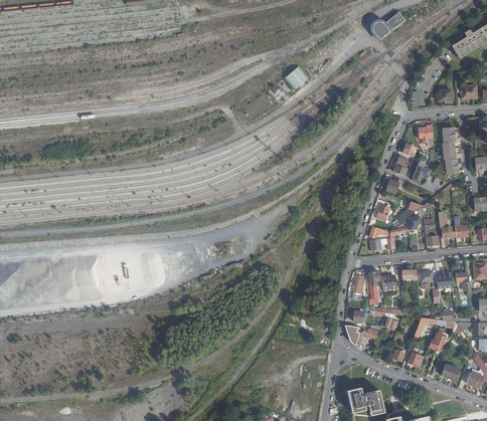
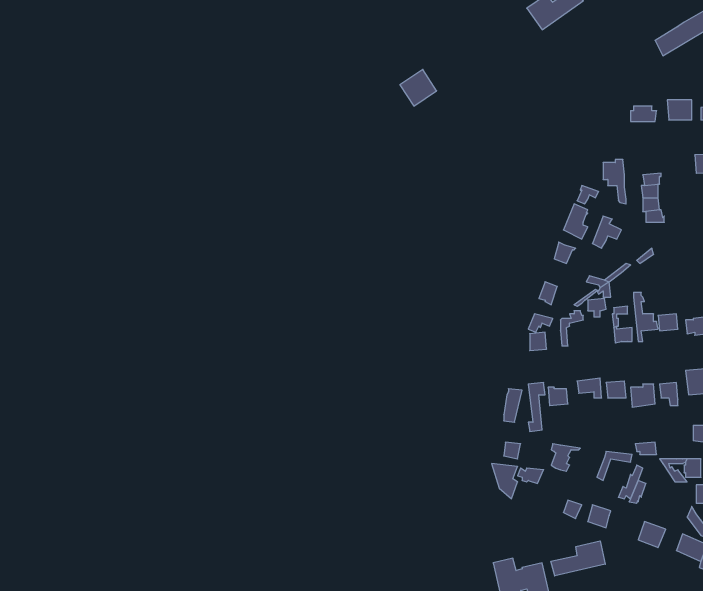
building: none -> [551,541,605,576]

